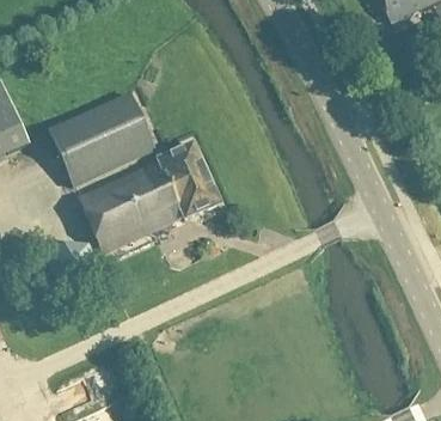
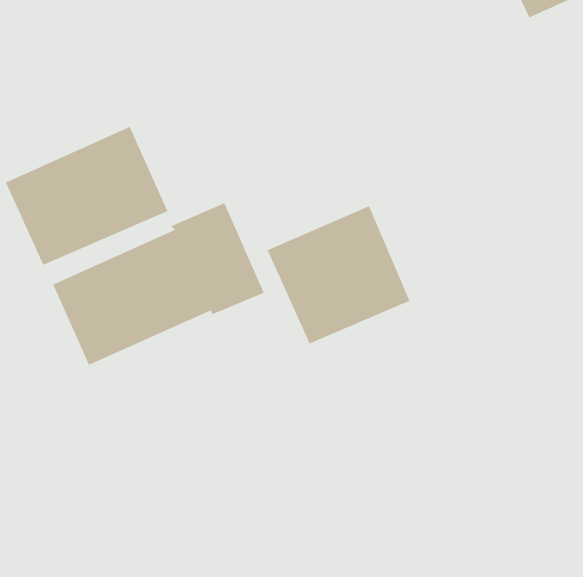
building: none -> [266,205,411,344]

